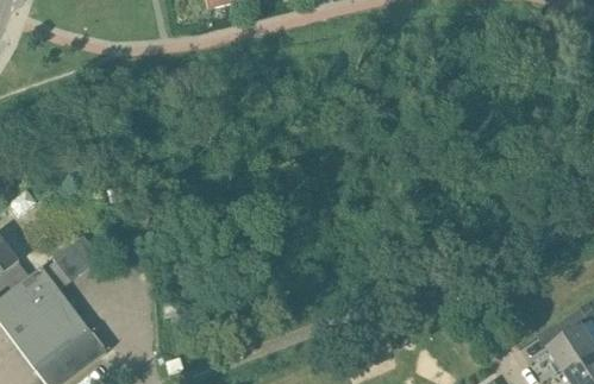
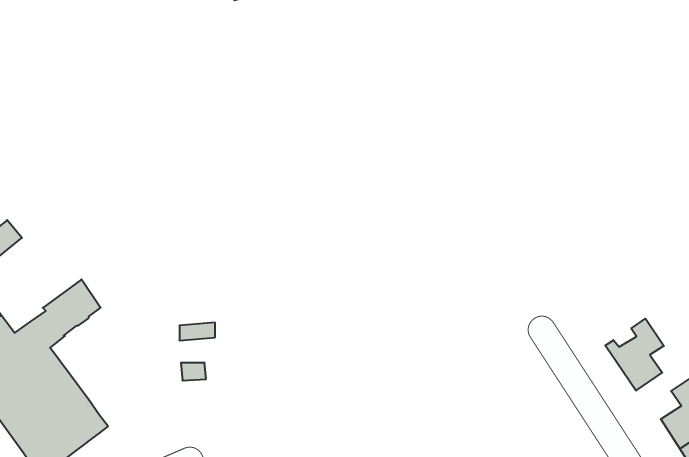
building: none -> [605,319,664,391]

